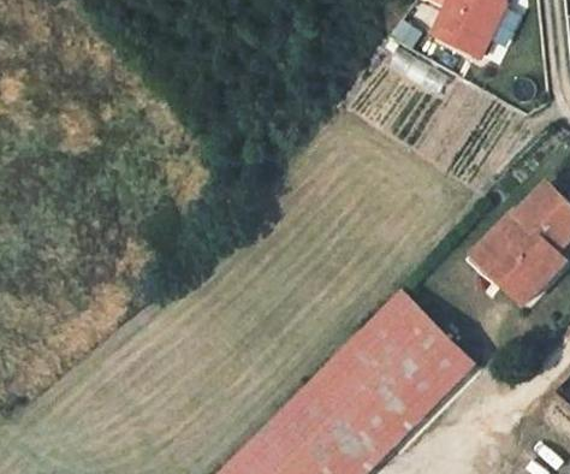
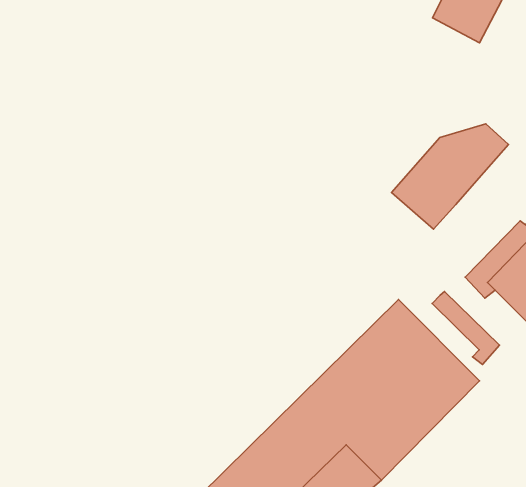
building: none -> [392,124,509,229]
building: none -> [432,292,500,364]

